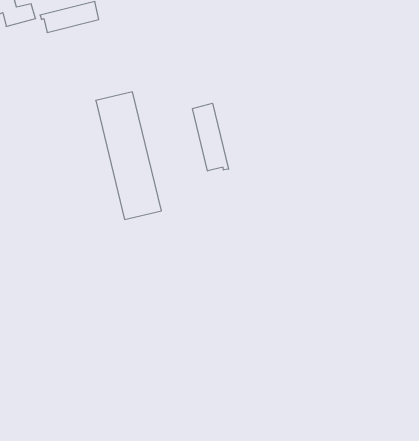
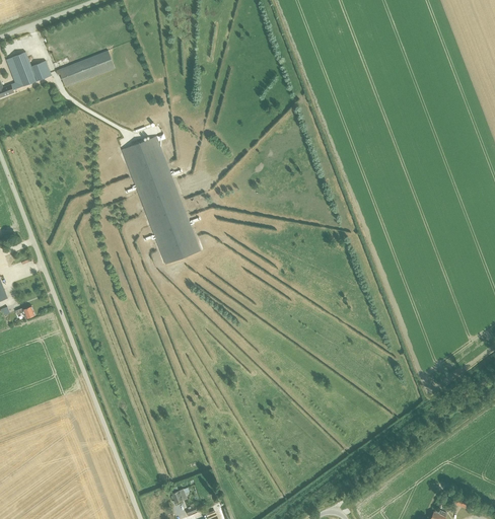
building: [193,103,228,171] -> none

